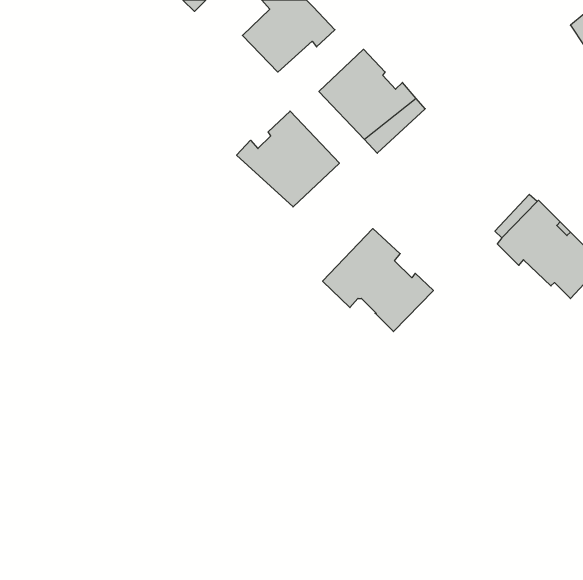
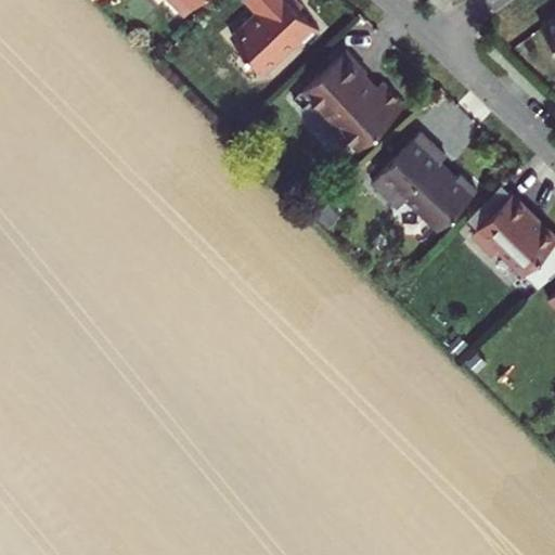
building: [237,111,339,207] -> none
building: [323,229,433,332] -> [372,133,477,231]

